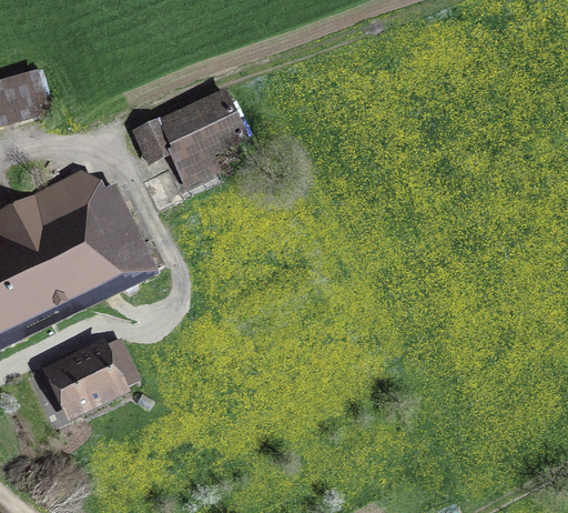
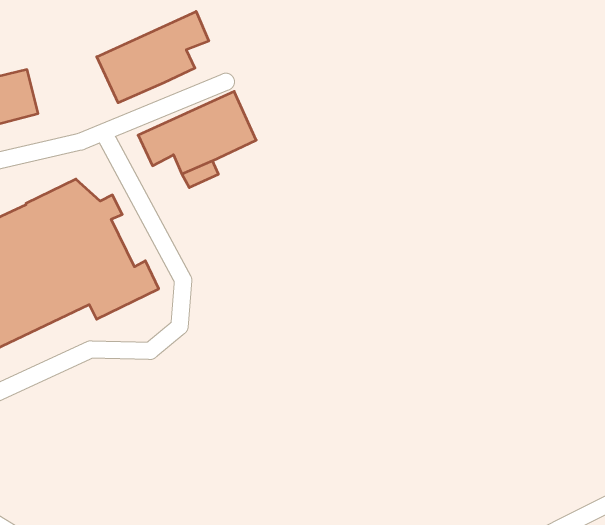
building: none -> [97,11,209,103]
building: [49,339,136,411] -> none

